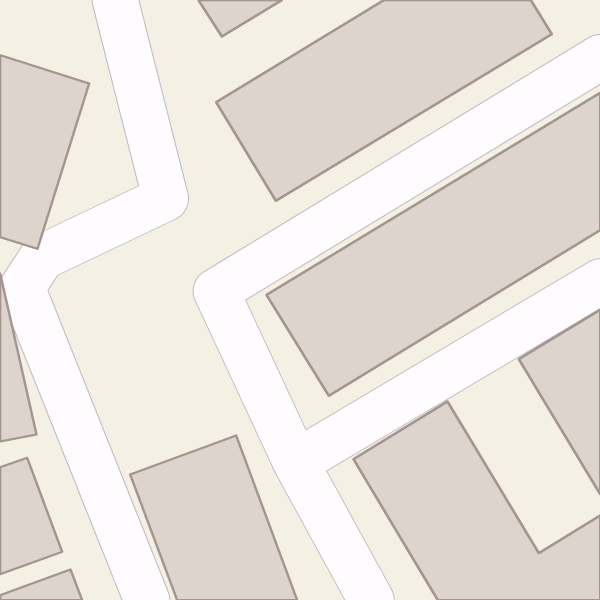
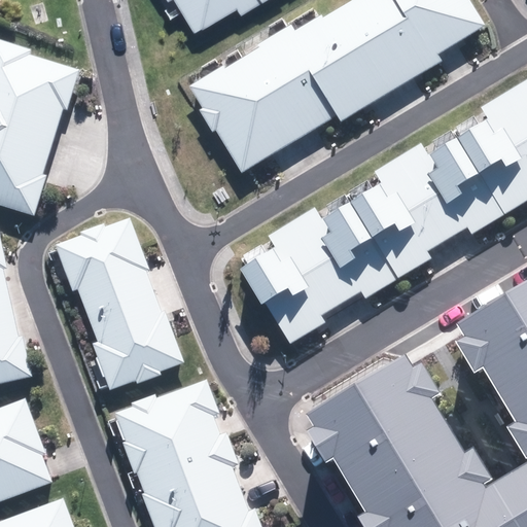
building: none -> [55,220,185,393]

